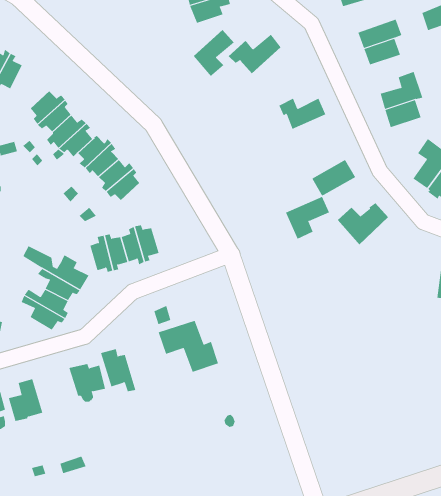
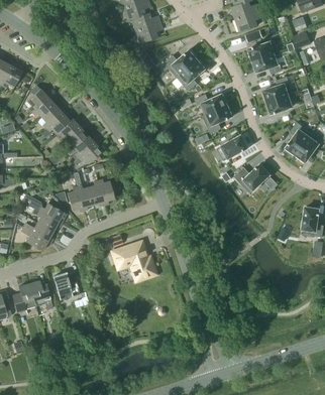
building: [193,29,234,77] -> [177,59,205,92]
building: [285,196,330,239] -> [202,105,232,134]
building: [100,348,136,392] -> [28,280,52,309]

